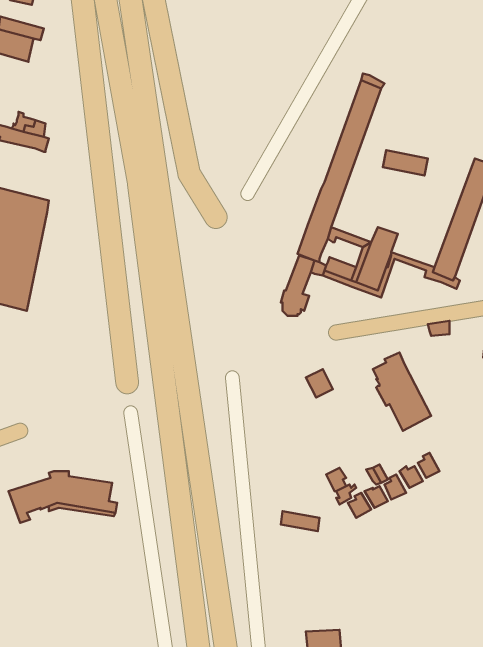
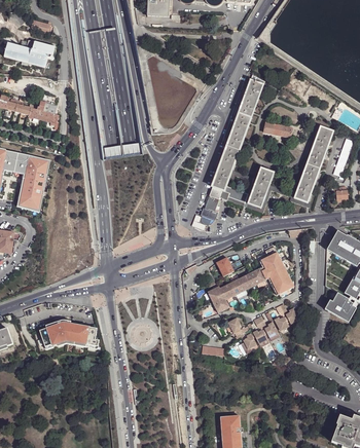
building: none -> [209,268,266,312]

